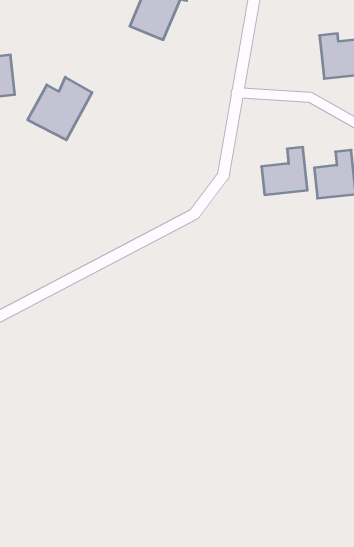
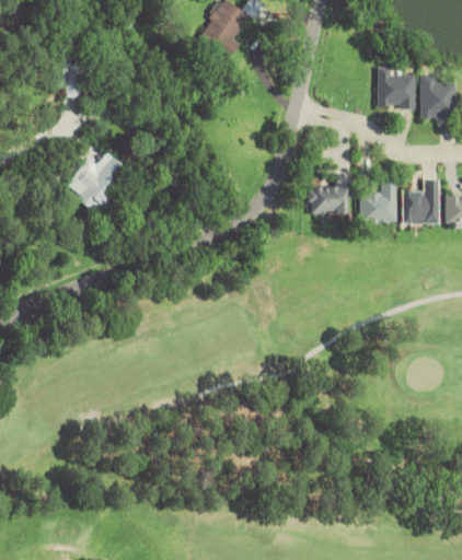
building: [28,77,92,140] -> [65,152,129,212]

